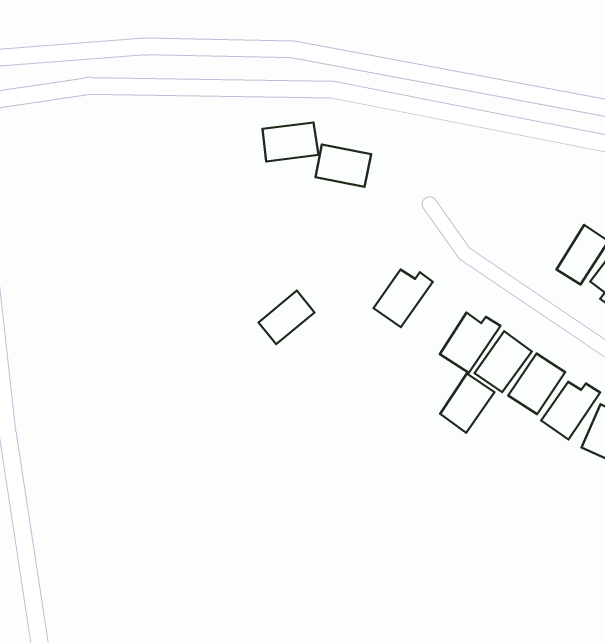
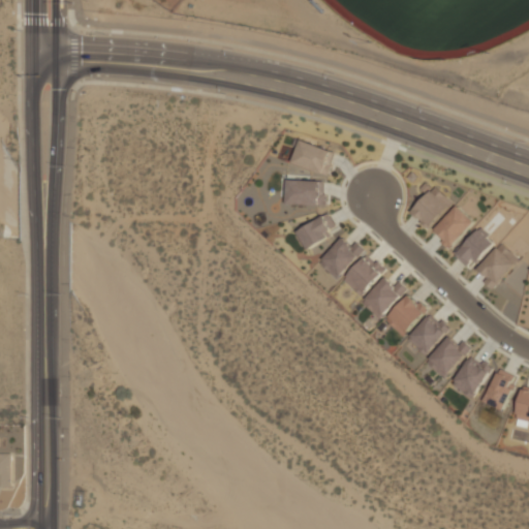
building: [263,122,319,161] -> [284,180,322,205]
building: none -> [409,186,450,228]
building: none -> [430,205,473,249]
building: [258,291,315,344] -> [295,213,337,249]
building: [440,373,494,433] -> [342,253,383,295]

